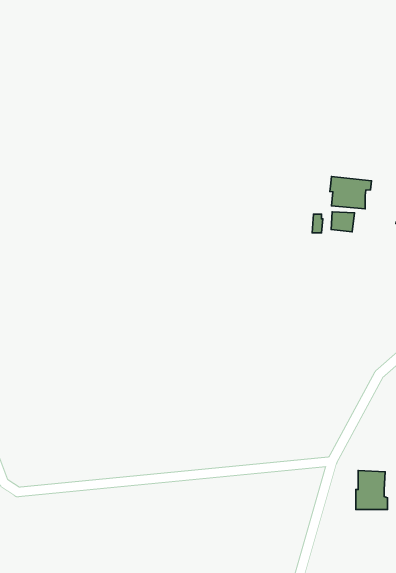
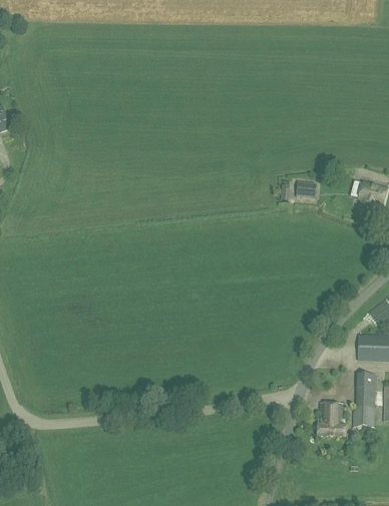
building: [330,176,371,209] -> none

